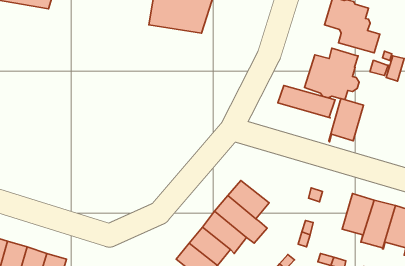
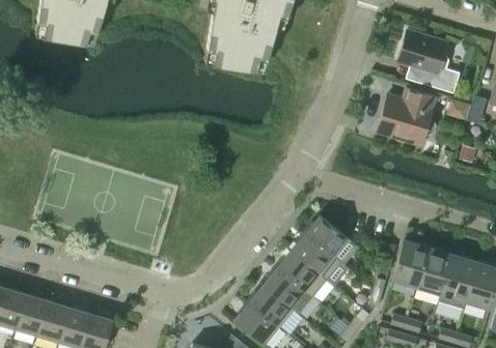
building: [278,86,335,118] -> none
building: [329,99,363,142] -> [391,241,430,289]
building: none -> [306,216,359,265]

